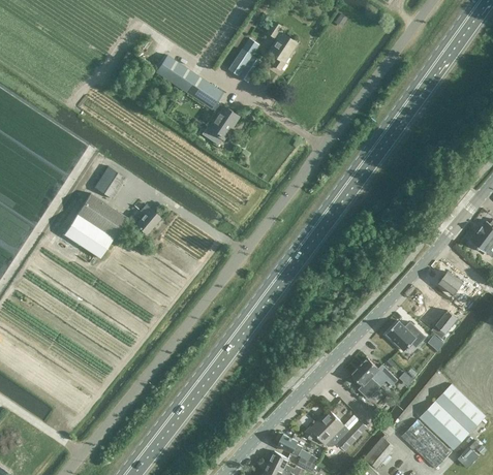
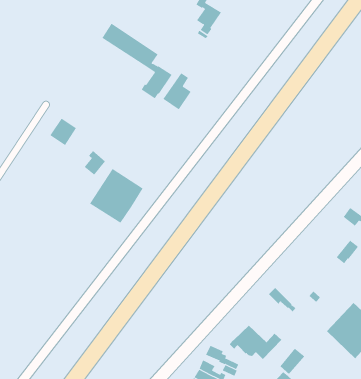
building: [226,38,260,83] -> [163,72,192,110]
building: [62,193,126,258] -> [89,168,144,224]
building: [386,320,425,350] -> none
building: [359,357,397,386] -> none
building: [400,419,450,468] -> none

